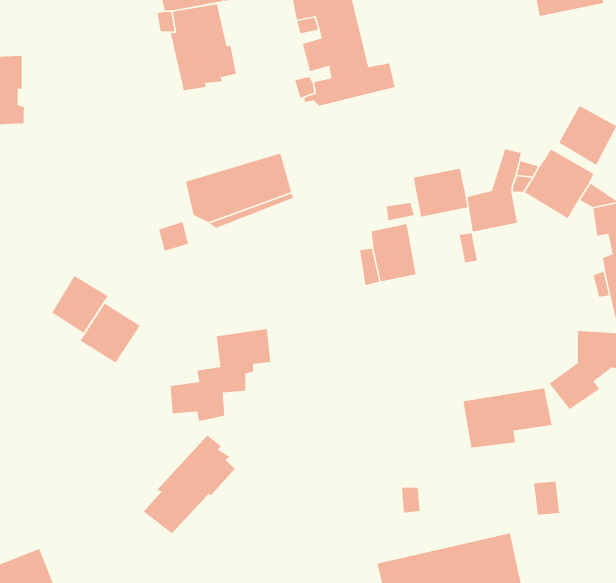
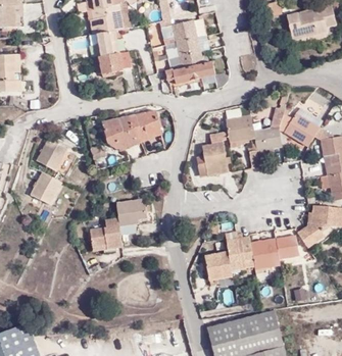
building: [80,303,141,364] -> [37,140,69,172]
building: none -> [205,236,255,278]
building: [143,435,236,534] -> none

